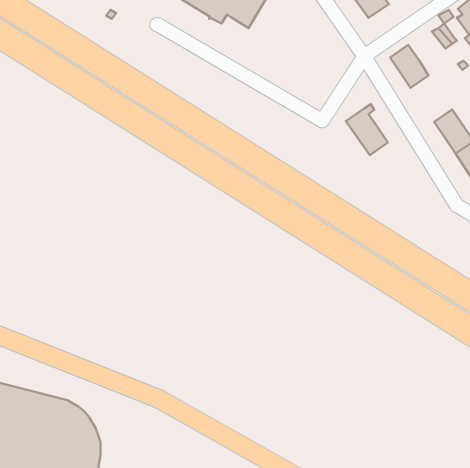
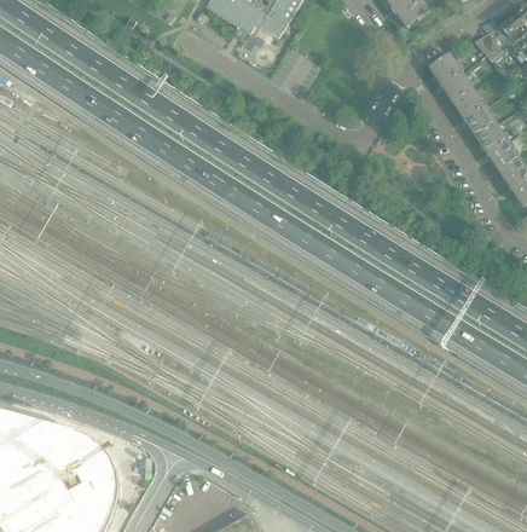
building: [346,104,388,155] -> [451,82,496,137]

